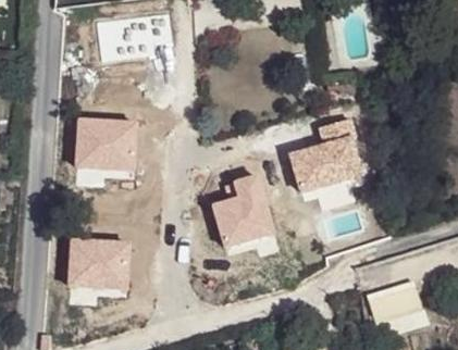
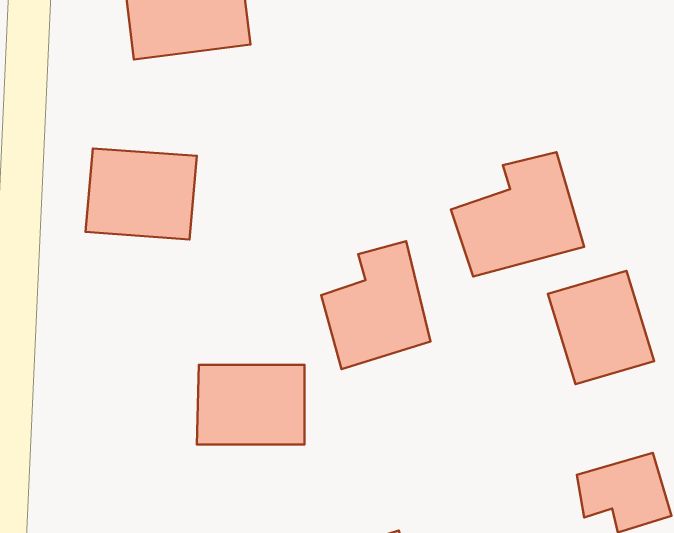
building: none -> [548,271,654,384]
building: [69,240,132,287] -> [197,365,305,444]

